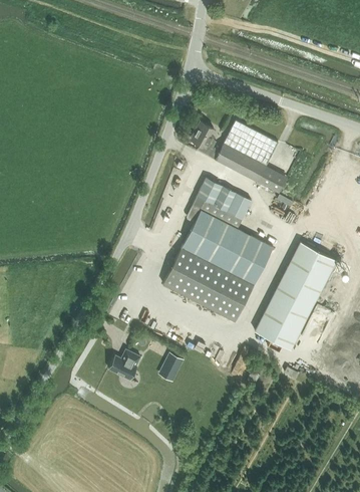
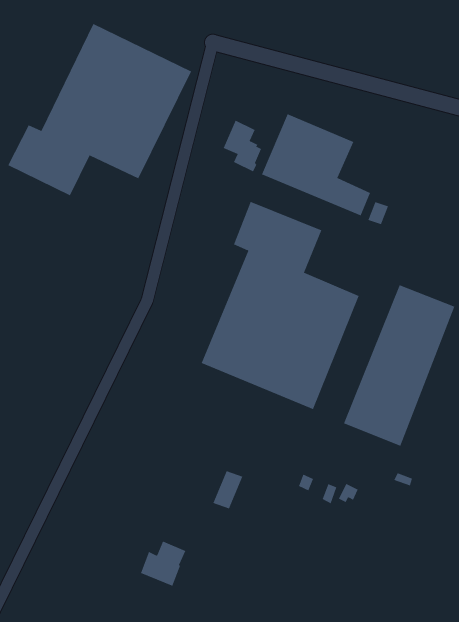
building: none -> [8,23,192,196]
building: [109,349,141,381] -> [140,541,186,587]

